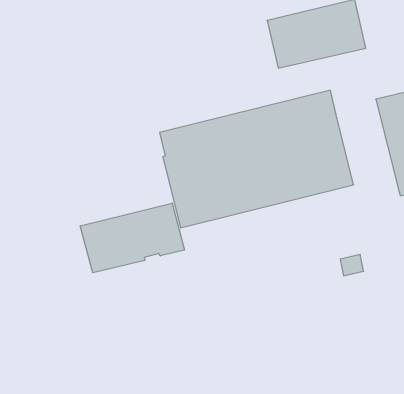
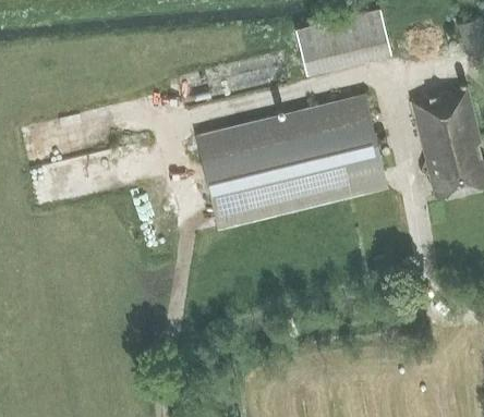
building: [80,203,185,273] -> none

